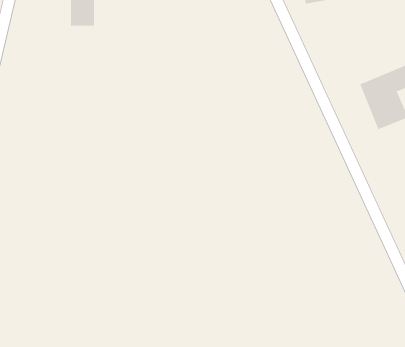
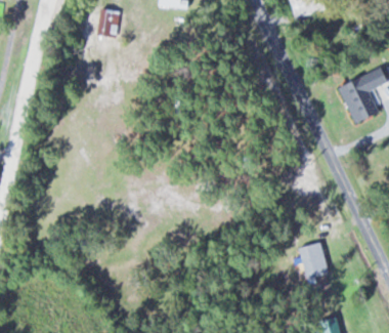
building: none -> [300,242,330,293]

